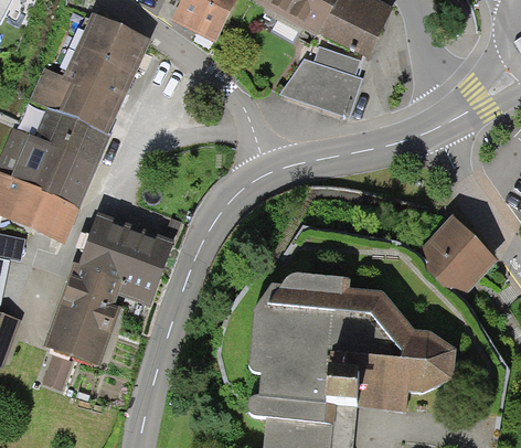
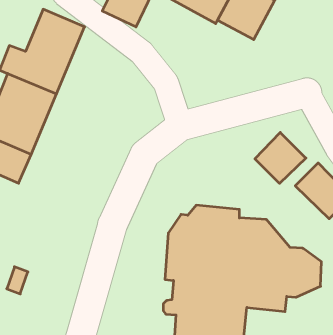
building: [281,45,362,116] -> none
building: none -> [255,132,306,183]
building: [42,216,172,367] -> none

